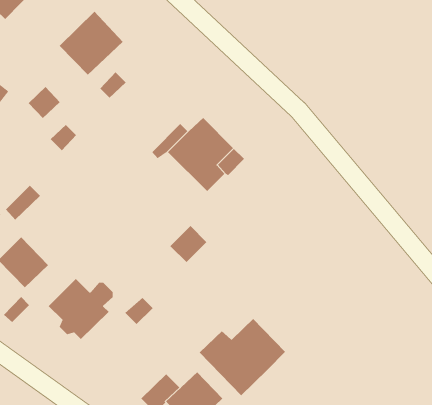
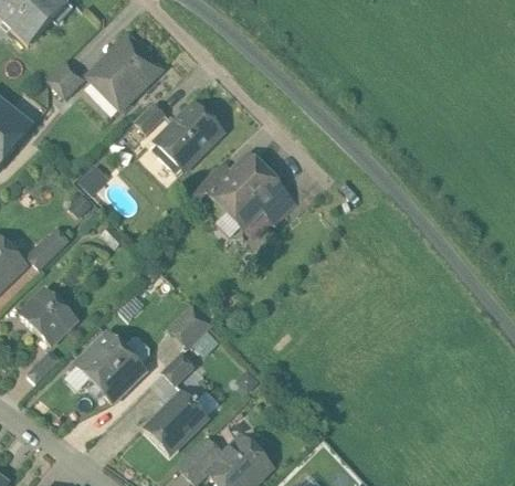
building: none -> [155,104,221,170]
building: [28,86,61,119] -> [48,62,84,98]
building: [169,225,207,263] -> [169,304,211,346]
building: [199,318,286,396] -> none
building: none -> [145,390,208,453]

